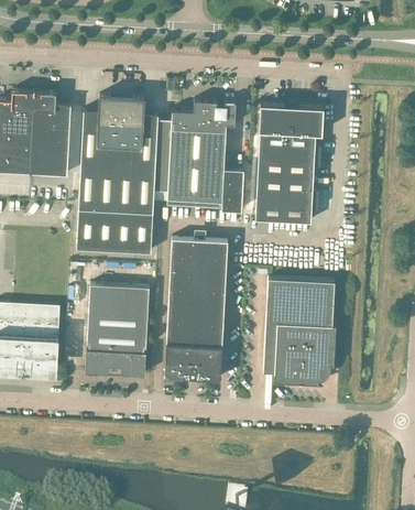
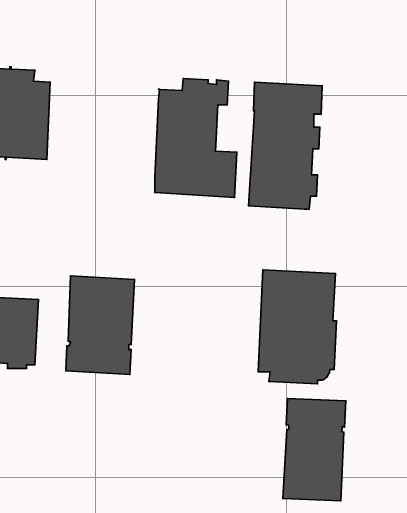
building: [76,96,171,252] -> none
building: [164,238,228,380] -> none
building: none -> [283,399,346,501]

